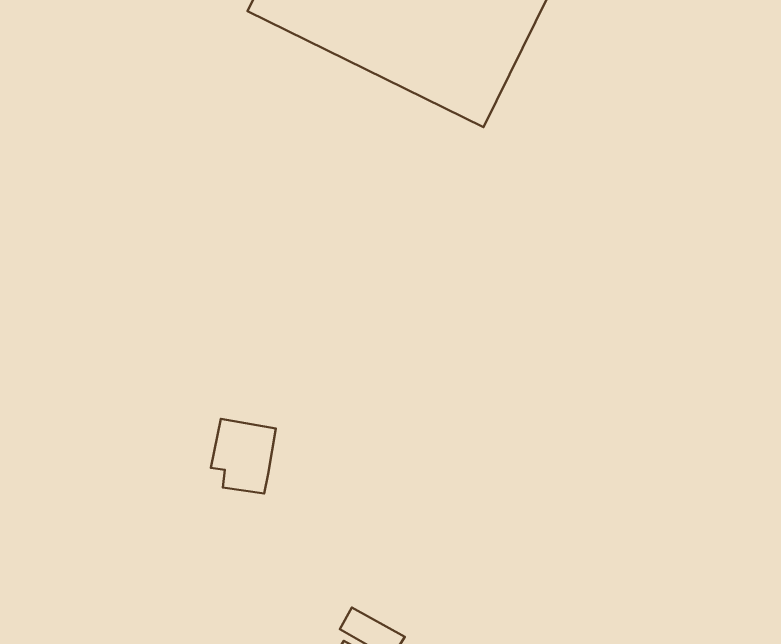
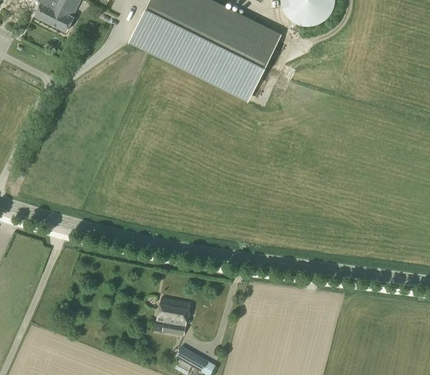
building: [211,419,276,494] -> [156,298,189,336]

